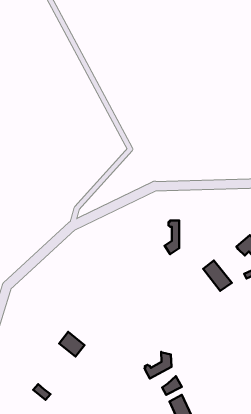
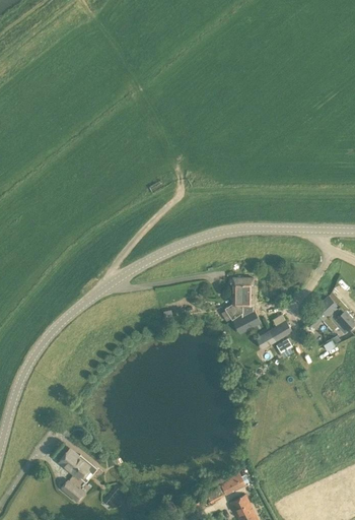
building: none -> [237,278,260,330]
building: [59,332,85,357] -> [59,449,90,479]
building: [145,352,171,378] -> none

